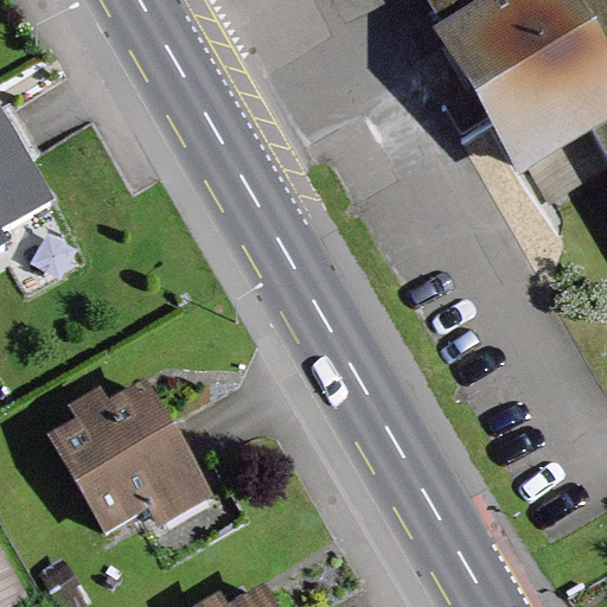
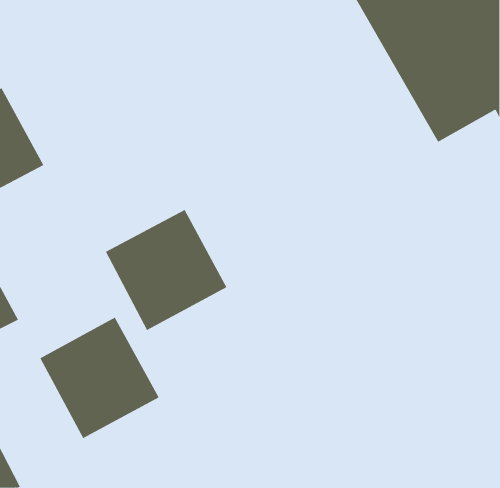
building: none -> [105,209,227,331]

